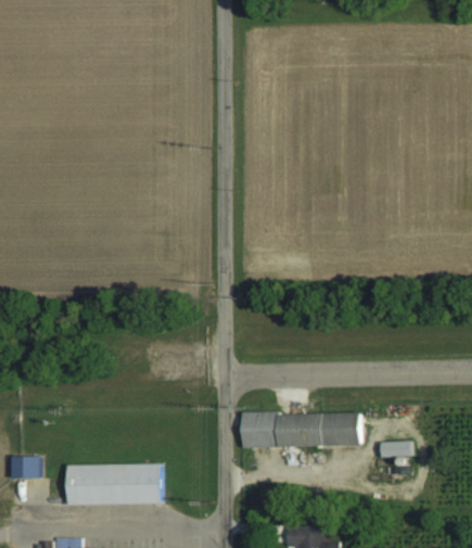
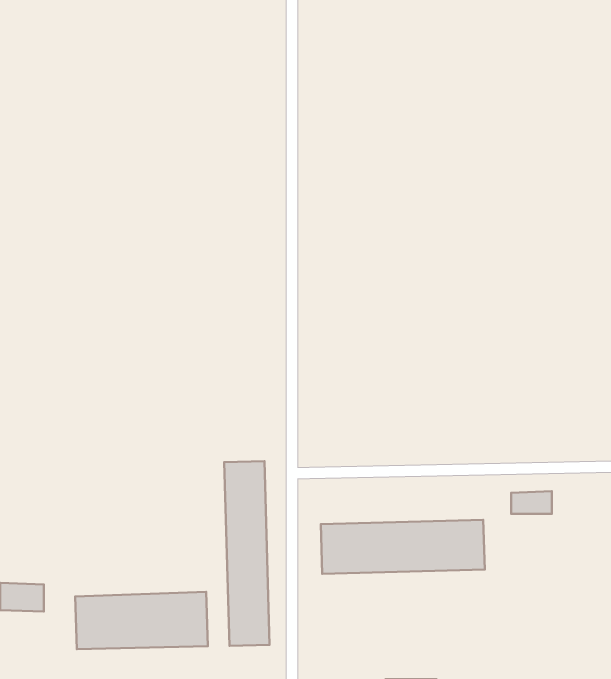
building: none -> [224,461,270,646]
building: [383,441,412,457] -> [511,491,552,514]

